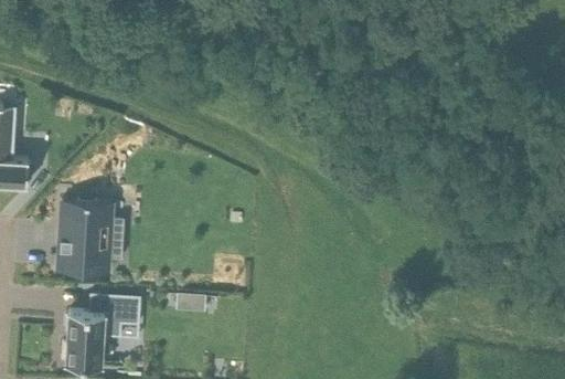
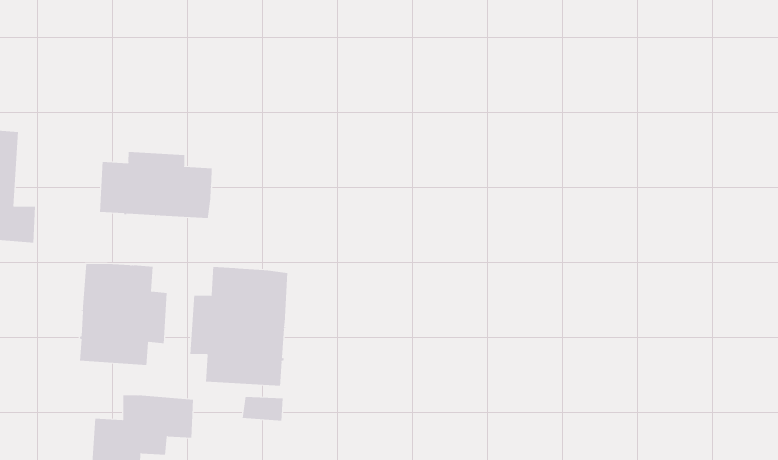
building: none -> [100,151,212,219]
building: none -> [190,266,288,387]

